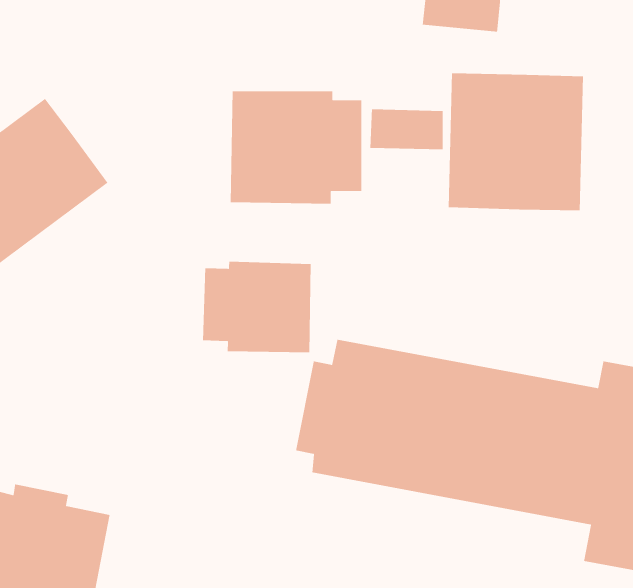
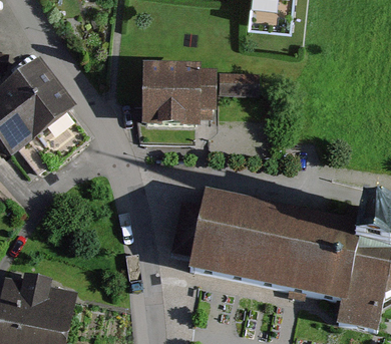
building: [448,72,584,211] -> none
building: [202,261,312,353] -> none

